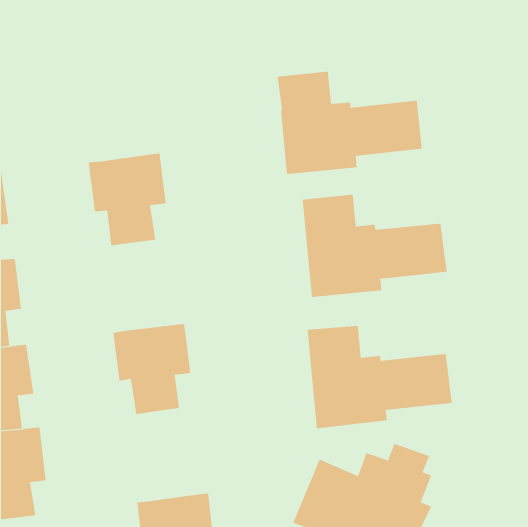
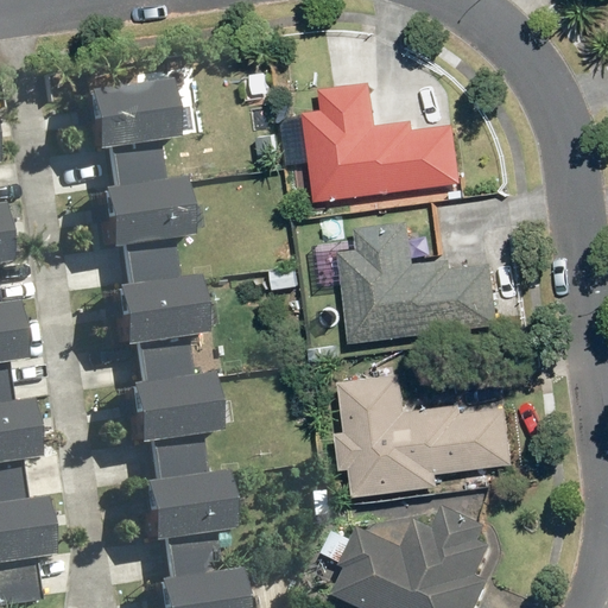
building: none -> [86,76,177,186]
building: none -> [115,274,205,381]
building: none -> [144,468,235,577]

